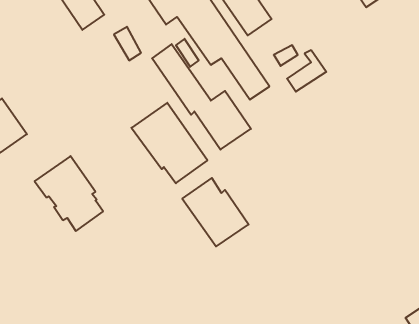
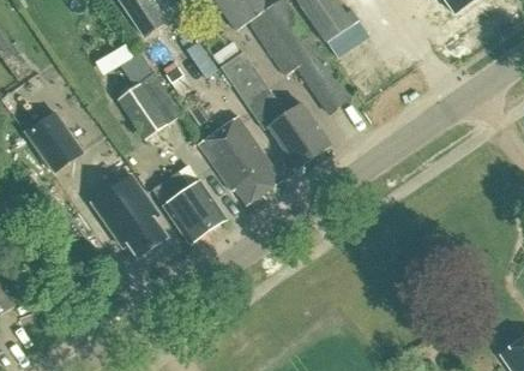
building: none -> [116,48,180,138]
building: [287,50,326,92] -> [325,10,368,55]
building: [182,178,249,246] -> [151,166,224,241]

